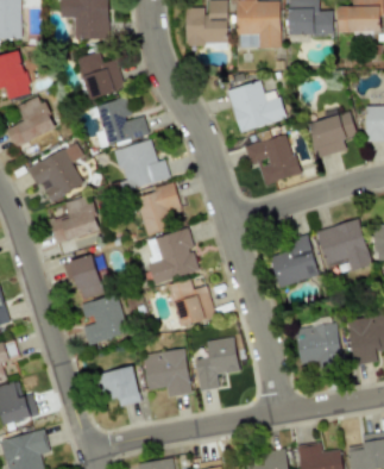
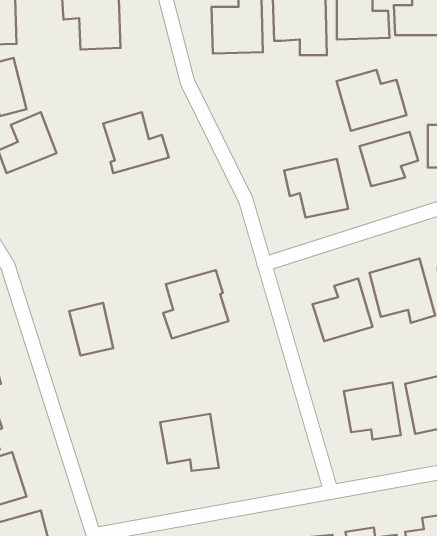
building: [76,50,125,100] -> none
building: [227,81,285,132] -> [337,70,406,131]
building: [115,139,169,189] -> none
building: [26,142,83,201] -> none
building: [134,183,180,234] -> none
building: [50,195,99,243] -> none
building: [169,279,215,326] -> none
building: [81,293,128,345] -> none
building: [194,337,239,390] -> none
building: [96,364,140,406] -> none

